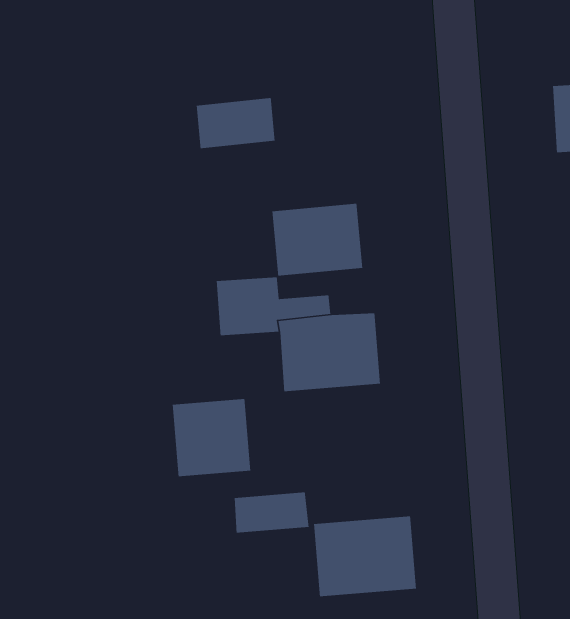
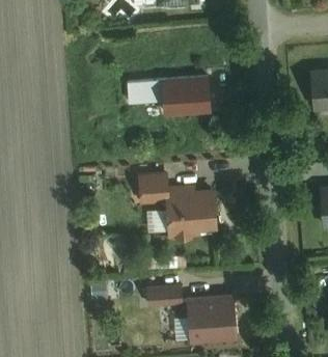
building: [272,203,363,277] -> [165,76,213,114]
building: [172,398,251,477] -> none

